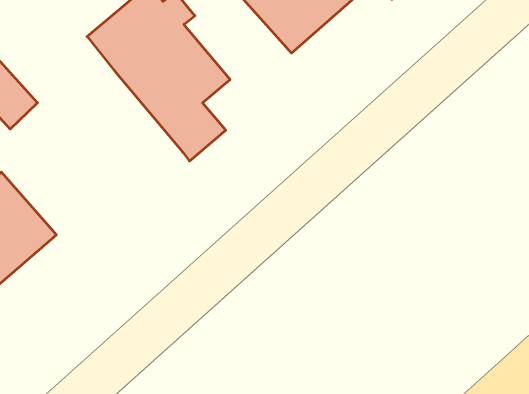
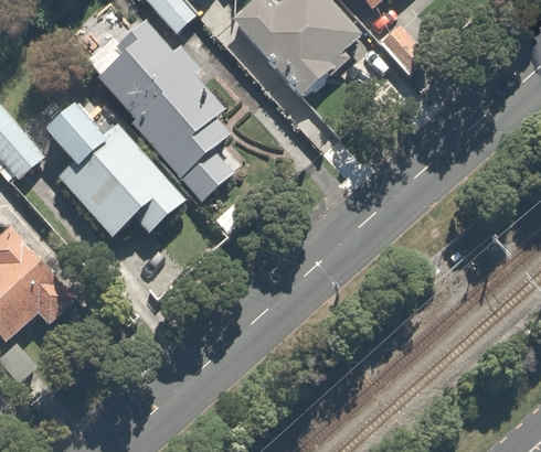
building: none -> [47,104,190,238]

